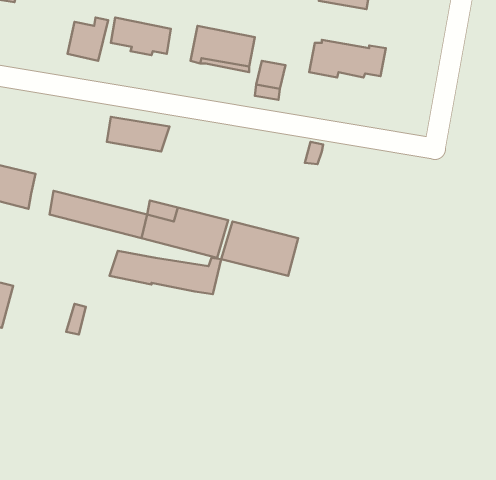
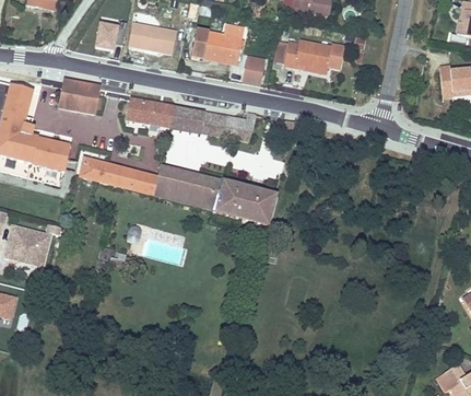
building: none -> [59,82,99,114]
building: [109,251,221,294] -> [168,107,256,141]

